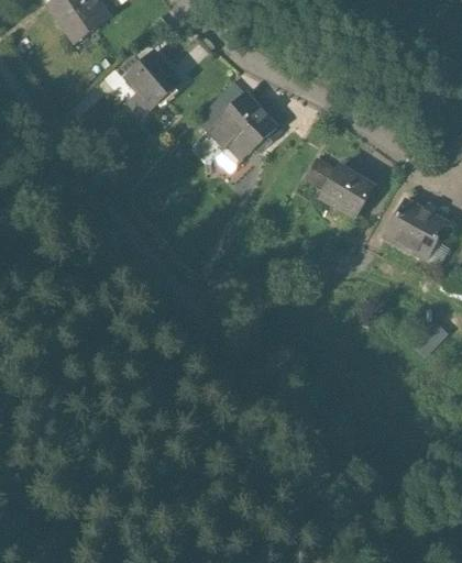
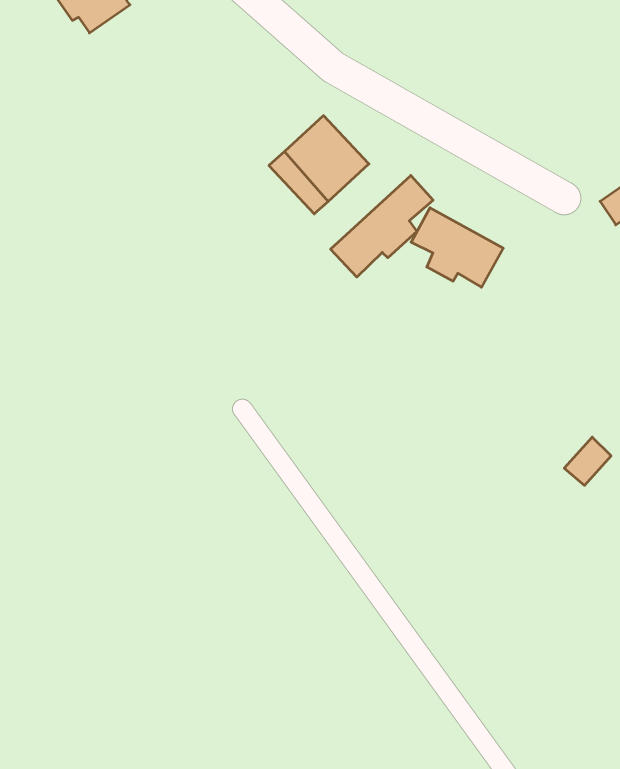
building: [125,48,179,103] -> none
building: none -> [331,175,433,277]
building: [383,202,443,260] -> none

